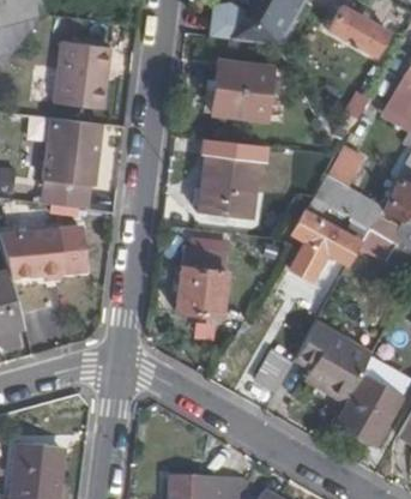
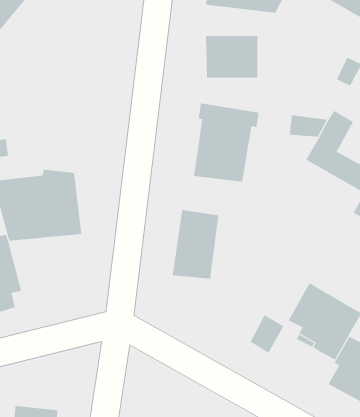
building: [55,42,111,110] -> none
building: [44,118,102,209] -> none
building: [286,211,359,278] -> none

